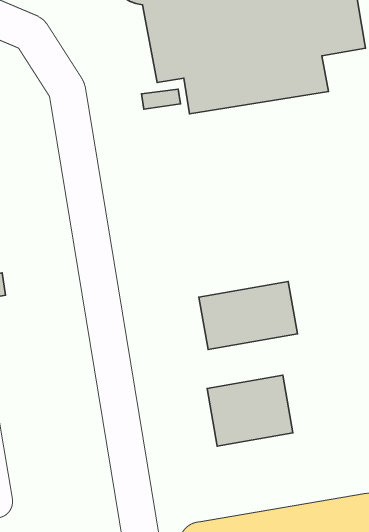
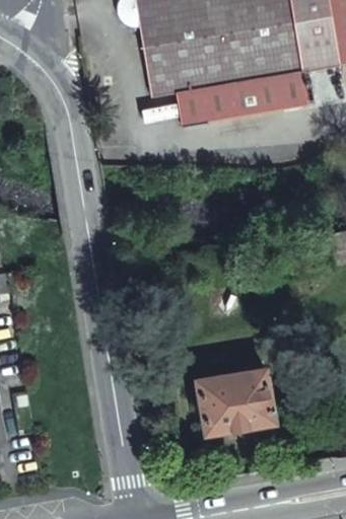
building: [199,281,298,349] -> none

